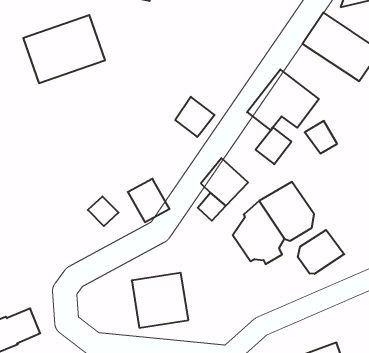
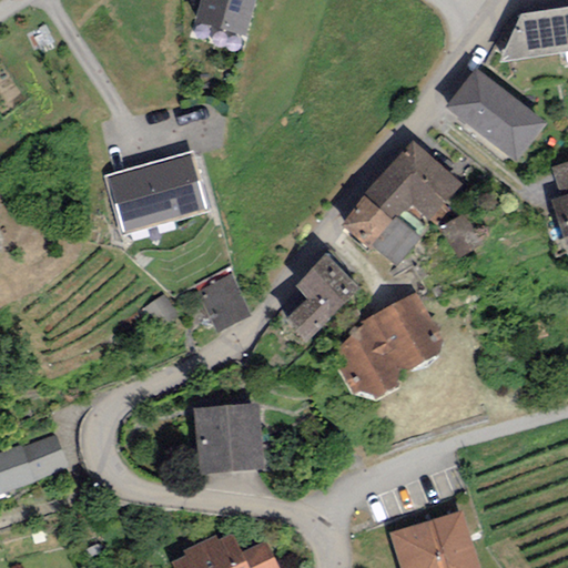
building: [23,15,105,83] -> [102,150,210,236]
building: [175,97,215,137] -> [341,194,394,248]
building: [298,230,344,274] -> none

